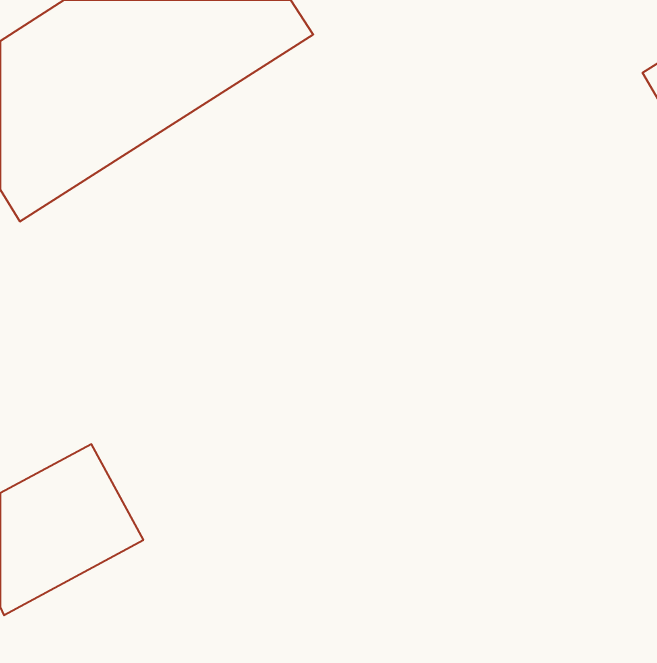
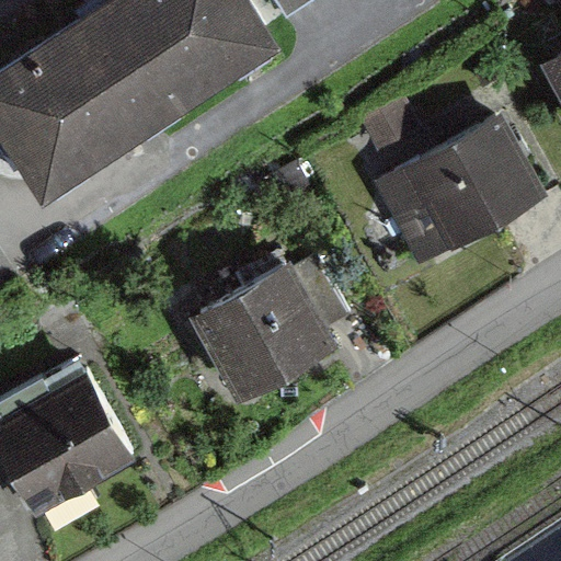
building: none -> [370,116,547,274]
building: none -> [188,264,329,397]

